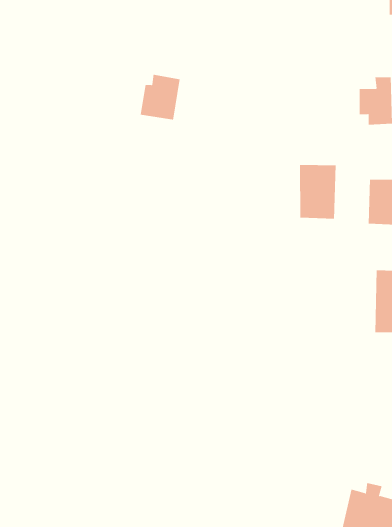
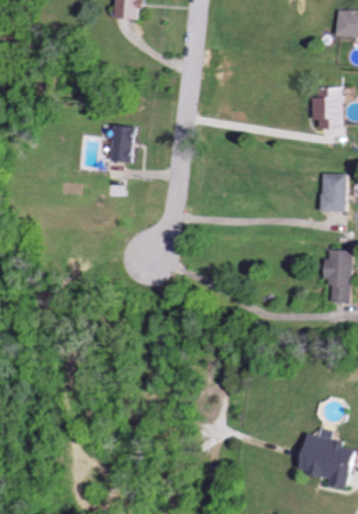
building: [140,74,180,120] -> [101,124,135,163]
building: [300,164,336,220] -> none

